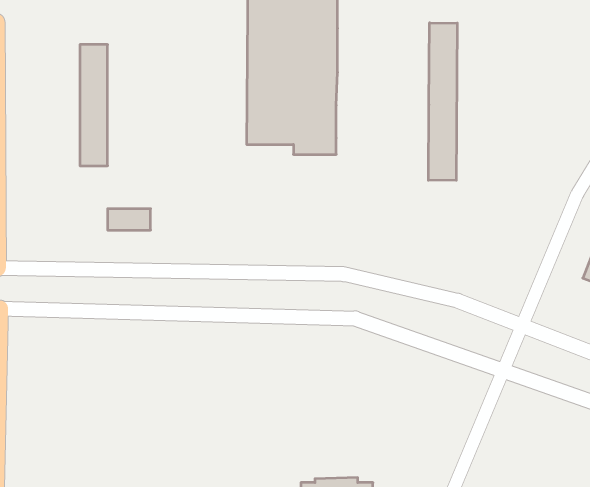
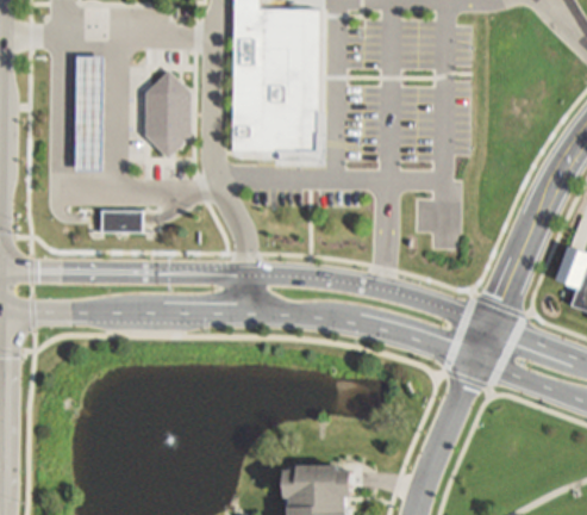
building: [428,23,457,180] -> none
building: none -> [145,70,192,160]

